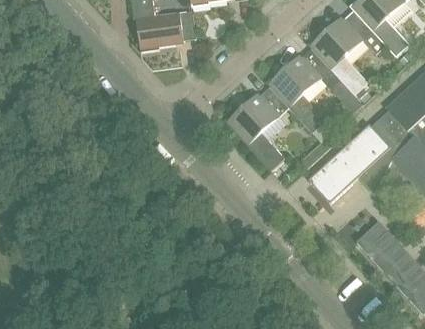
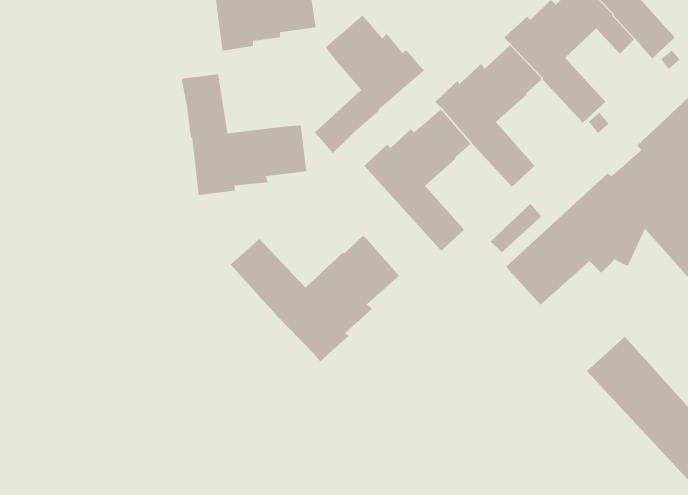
building: none -> [314,15,425,154]
building: none -> [181,73,307,196]
building: none -> [230,236,400,362]

